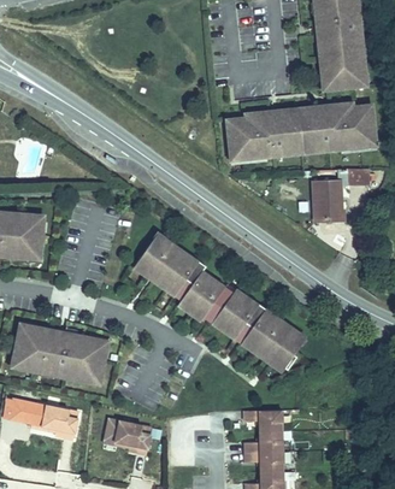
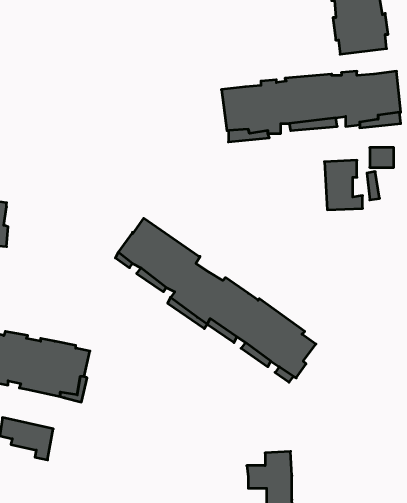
building: [244,410,282,431] -> none
building: [111,420,158,455] -> none

